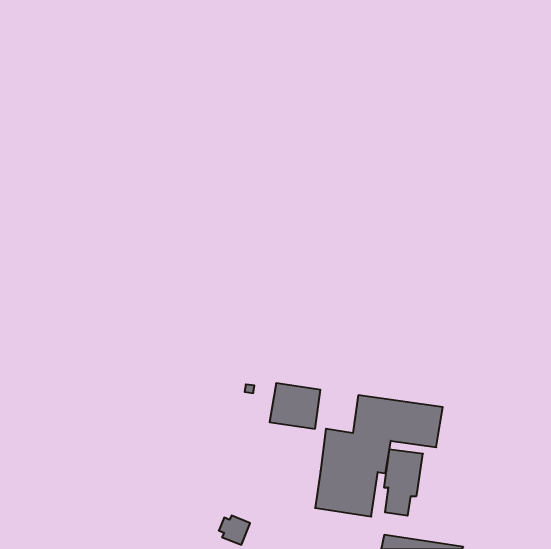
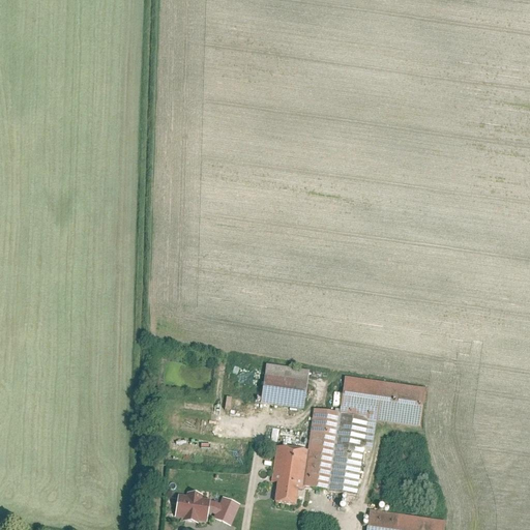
building: [384,449,423,516] -> [271,446,308,509]
building: none -> [176,487,212,519]

